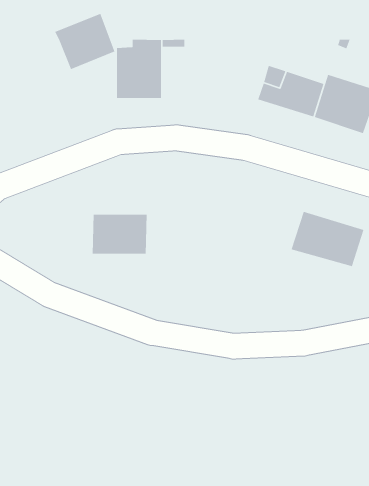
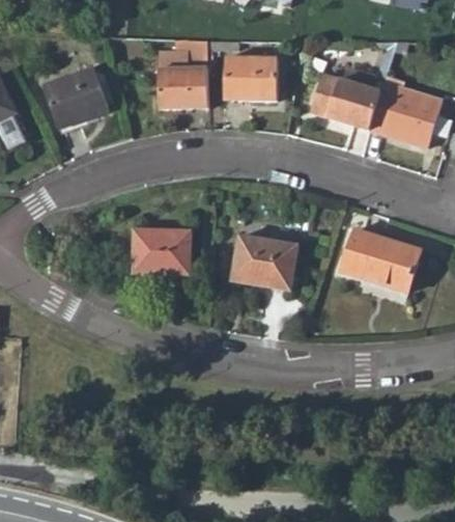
building: [54,13,115,70] -> [42,72,108,133]
building: none -> [226,58,276,102]
building: none -> [224,247,291,302]

